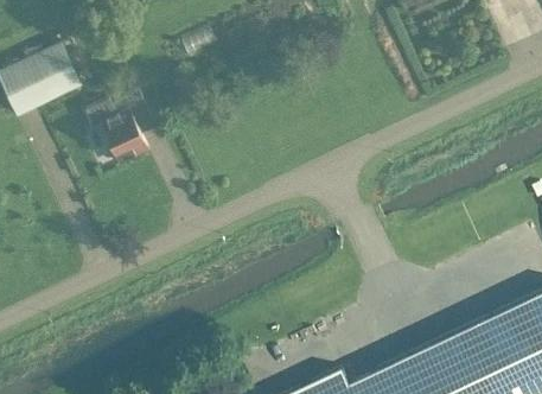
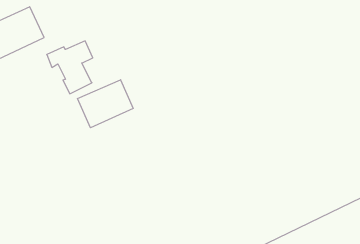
building: none -> [78,80,133,128]

